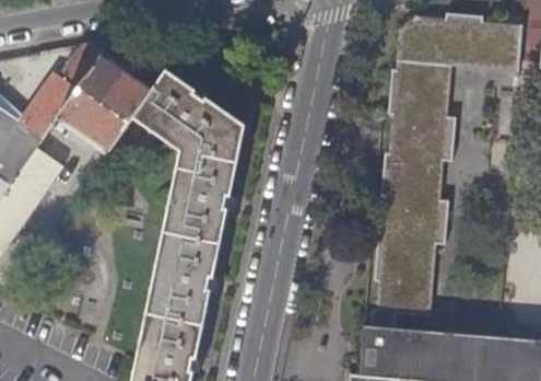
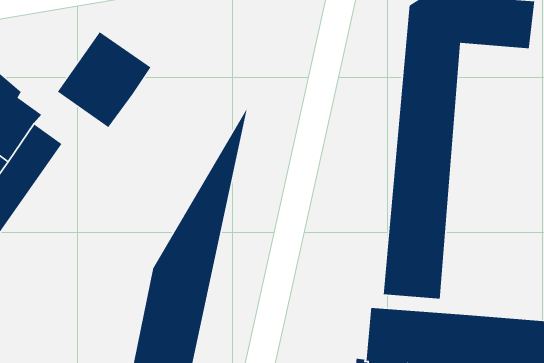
building: [21,38,113,138] -> none
building: [132,70,245,287] -> none

